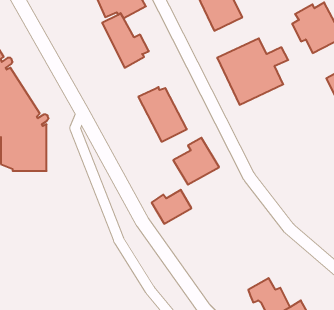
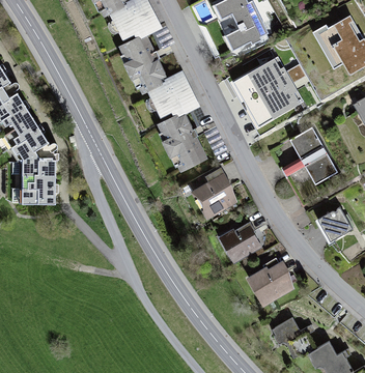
building: none -> [144,68,200,116]
building: none -> [281,127,337,181]
building: none -> [316,207,355,245]
building: [152,190,191,224] -> [219,223,261,259]
building: none -> [247,259,296,309]

